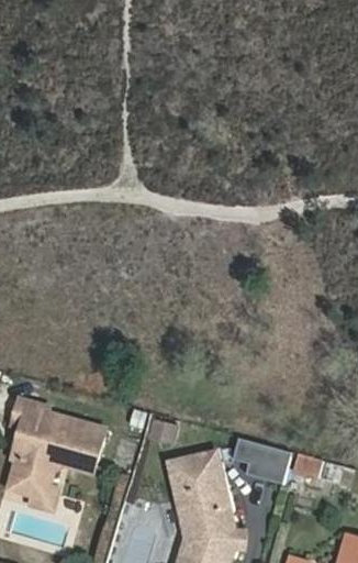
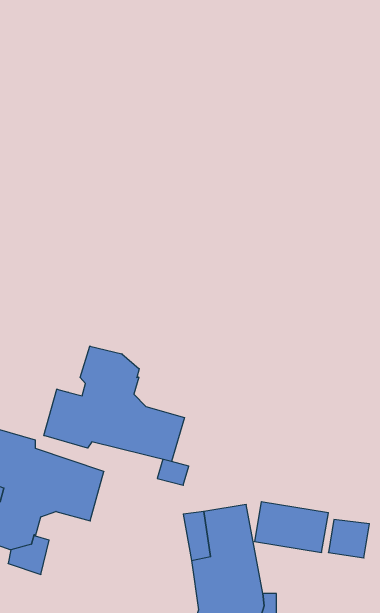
building: none -> [44,346,185,461]

